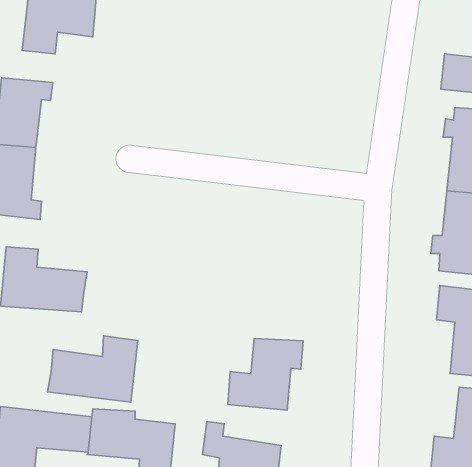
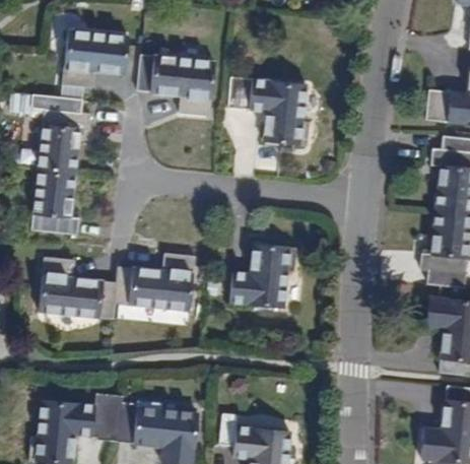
building: none -> [135,55,213,115]
building: none -> [222,76,307,146]
building: [48,336,138,402] -> [115,250,195,309]
building: [228,338,303,410] -> [231,239,298,303]

